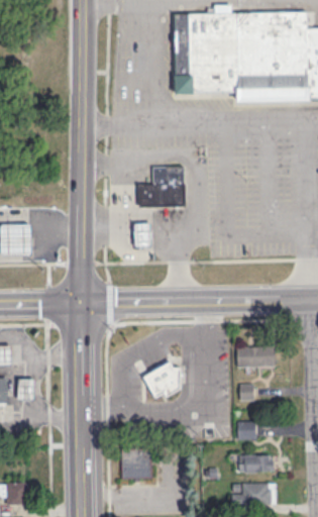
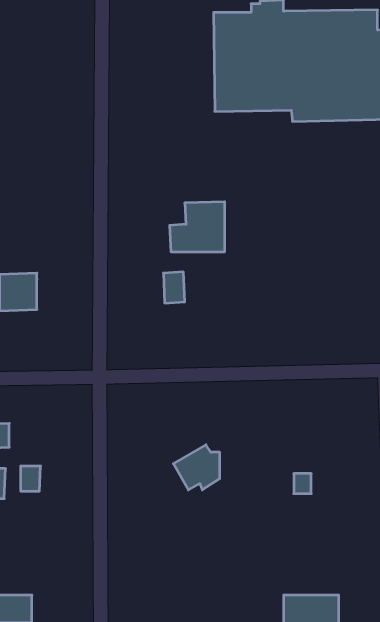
building: [236,346,275,368] -> none
building: [237,421,256,440] -> none
building: [122,448,151,479] -> none
building: [238,455,273,473] -> none

